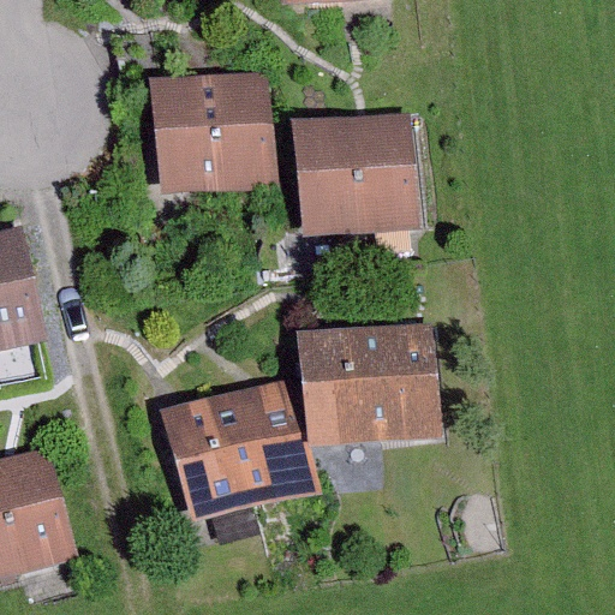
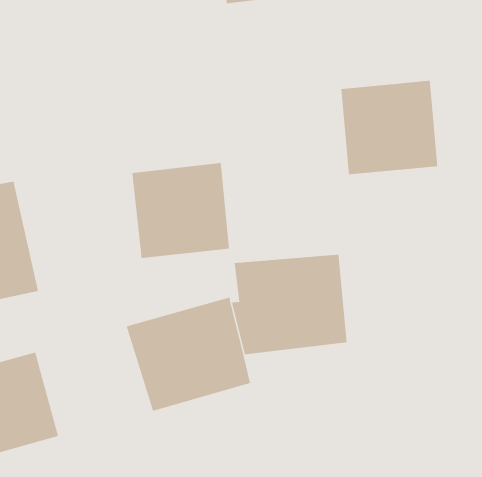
building: [151,68,276,190] -> [131,163,230,258]
building: [293,114,417,234] -> [340,80,438,175]

